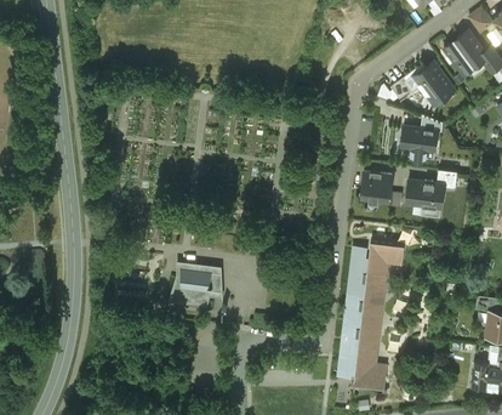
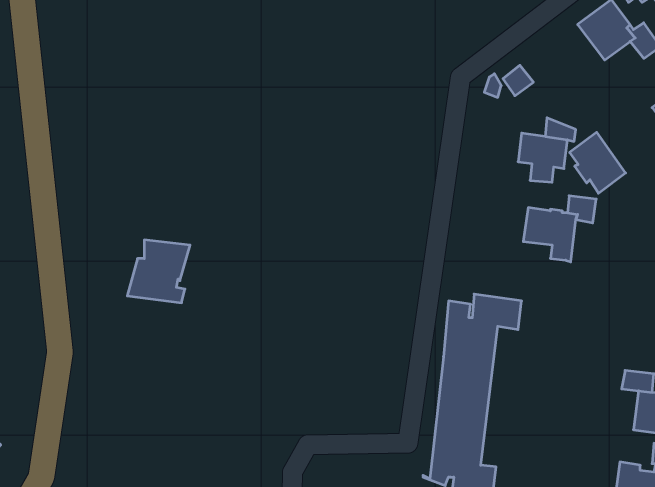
building: [413,61,453,104] -> [570,132,626,193]
building: [361,171,392,201] -> none
building: [169,261,213,306] -> [127,240,190,303]

